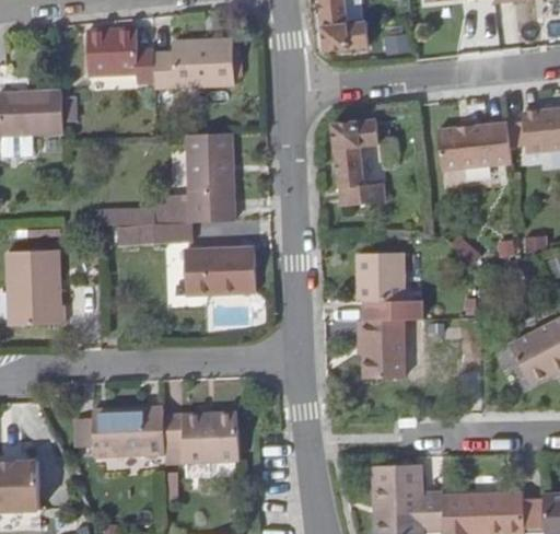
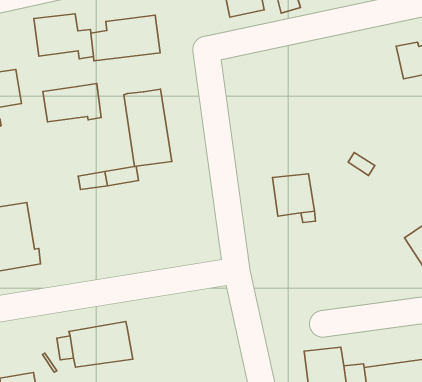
building: none -> [43,84,101,122]
building: [331,117,382,204] -> none
building: [438,120,511,169] -> none
building: [185,251,256,297] -> none
building: [362,316,402,375] -> none
building: [161,414,236,464] -> none

